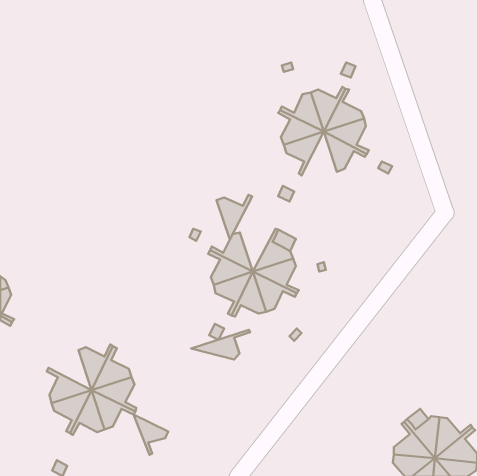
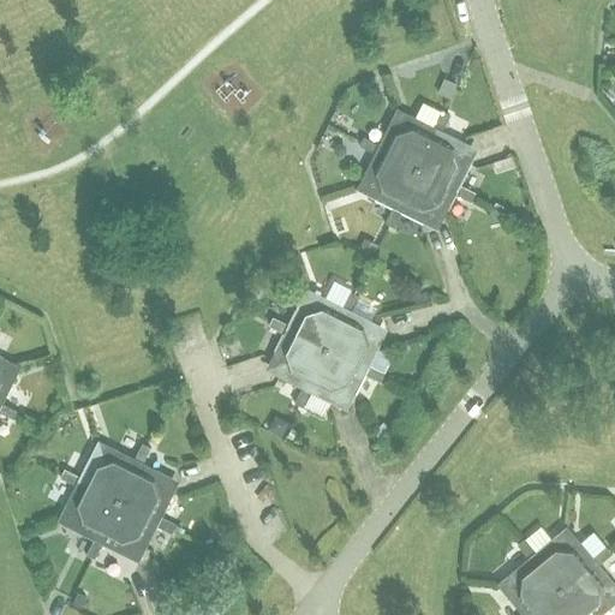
building: none -> [388,171,434,229]
building: [217,195,252,240] -> [309,293,354,351]
building: [191,330,250,359] -> none
building: none -> [62,452,118,503]
building: [133,414,168,455] -> none

